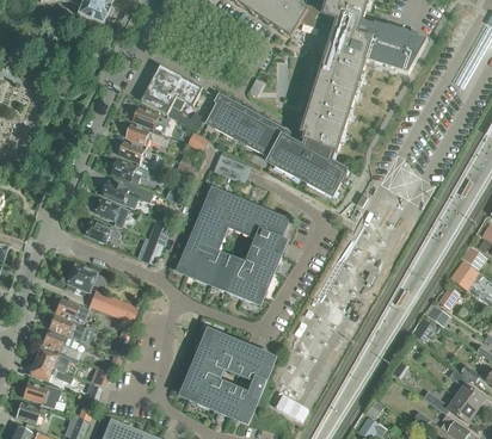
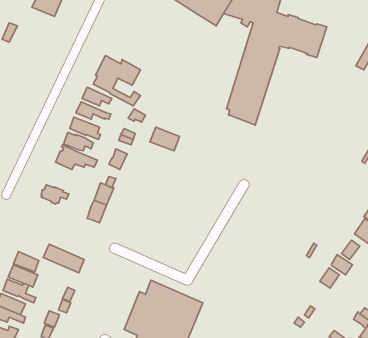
building: [208,98,349,192] -> none
building: [179,188,288,301] -> none
building: [93,196,129,227] -> none
building: [64,264,107,290] -> none

